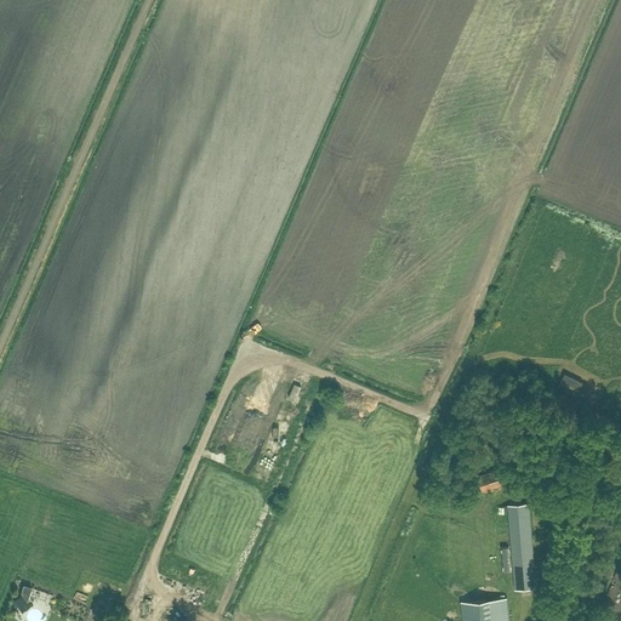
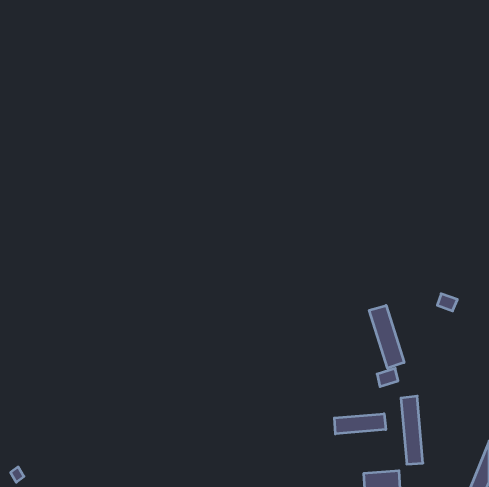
building: none -> [369,305,404,368]
building: none -> [334,414,386,434]

